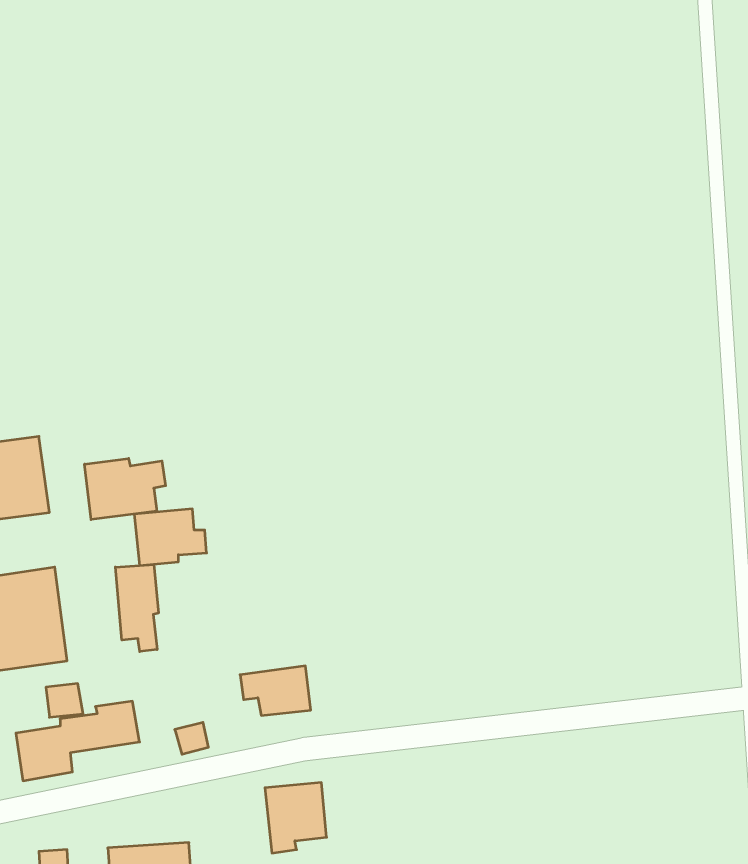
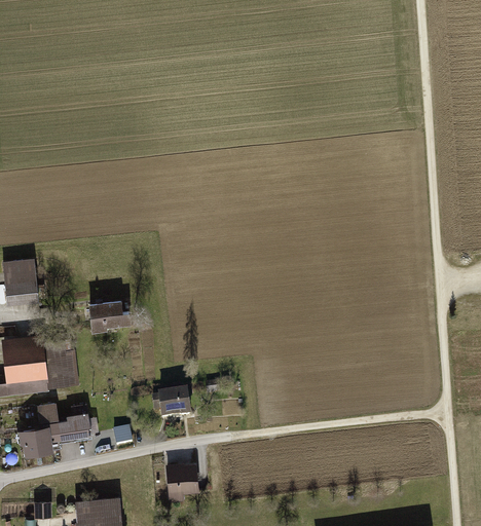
building: [85,458,166,520] -> none
building: [115,564,158,652] -> none

